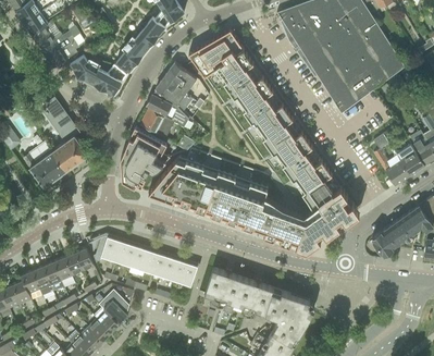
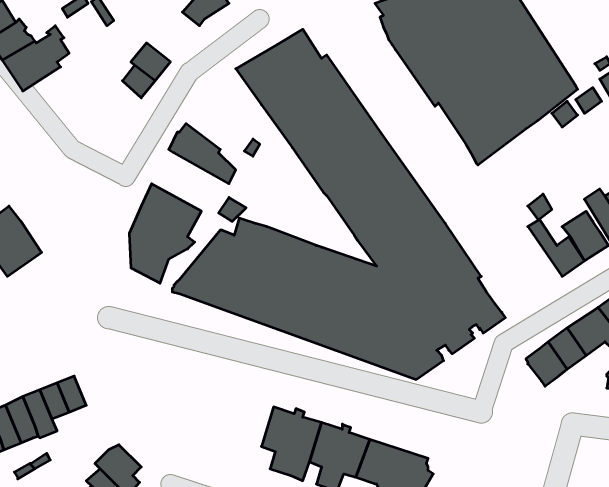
building: [132,17,165,50] -> none
building: [70,56,126,96] -> none
building: [156,63,196,111] -> none
building: [48,98,88,171] -> none
building: [140,108,174,138] -> none
building: [86,234,197,287] -> none

